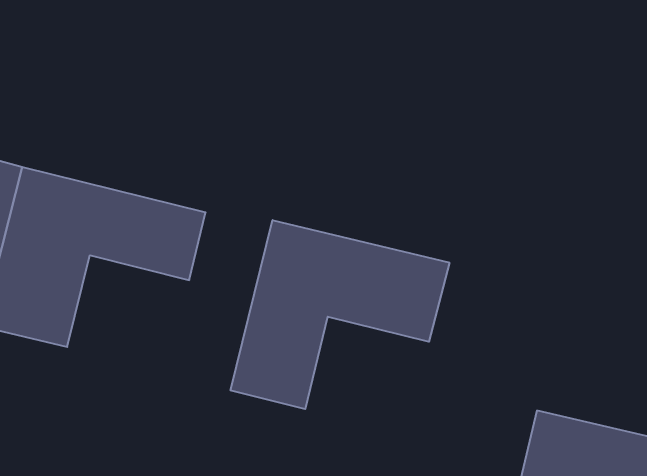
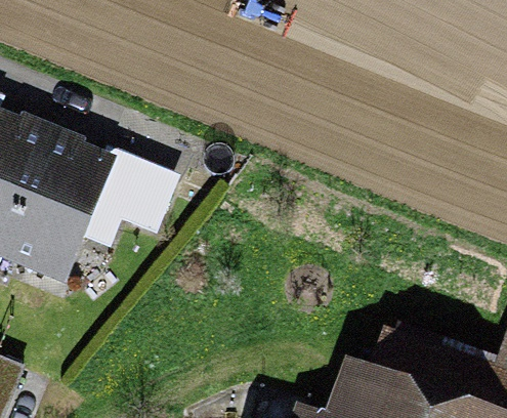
building: [231,220,449,409] -> none

